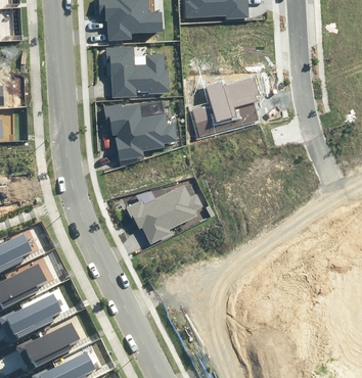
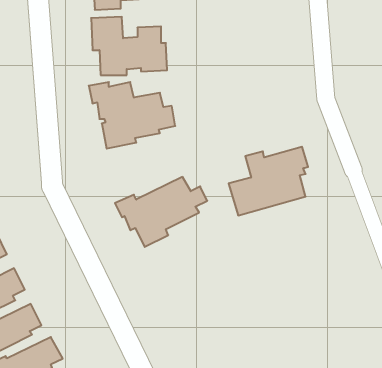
building: [190,78,259,137] -> [229,147,308,215]

